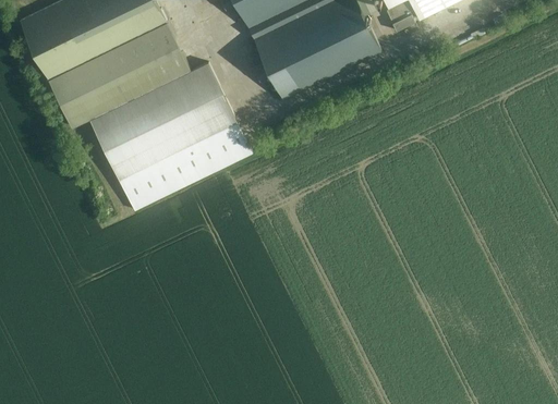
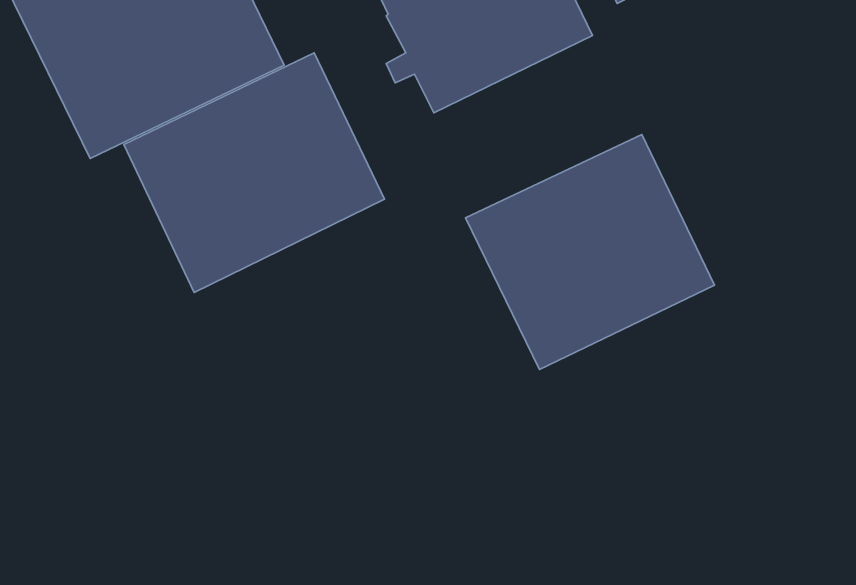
building: none -> [466,135,715,370]

